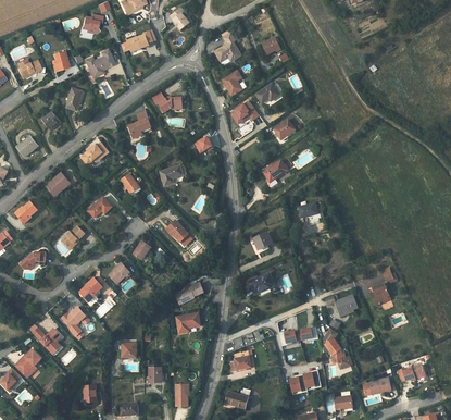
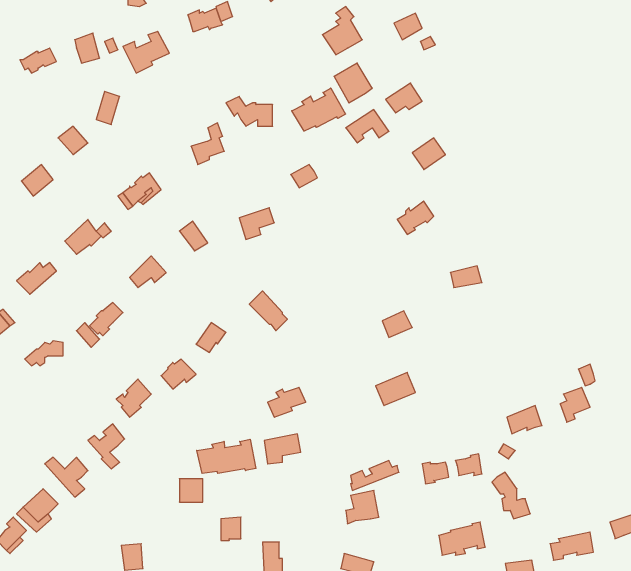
building: none -> [292,88,346,131]
building: none -> [197,439,256,473]

